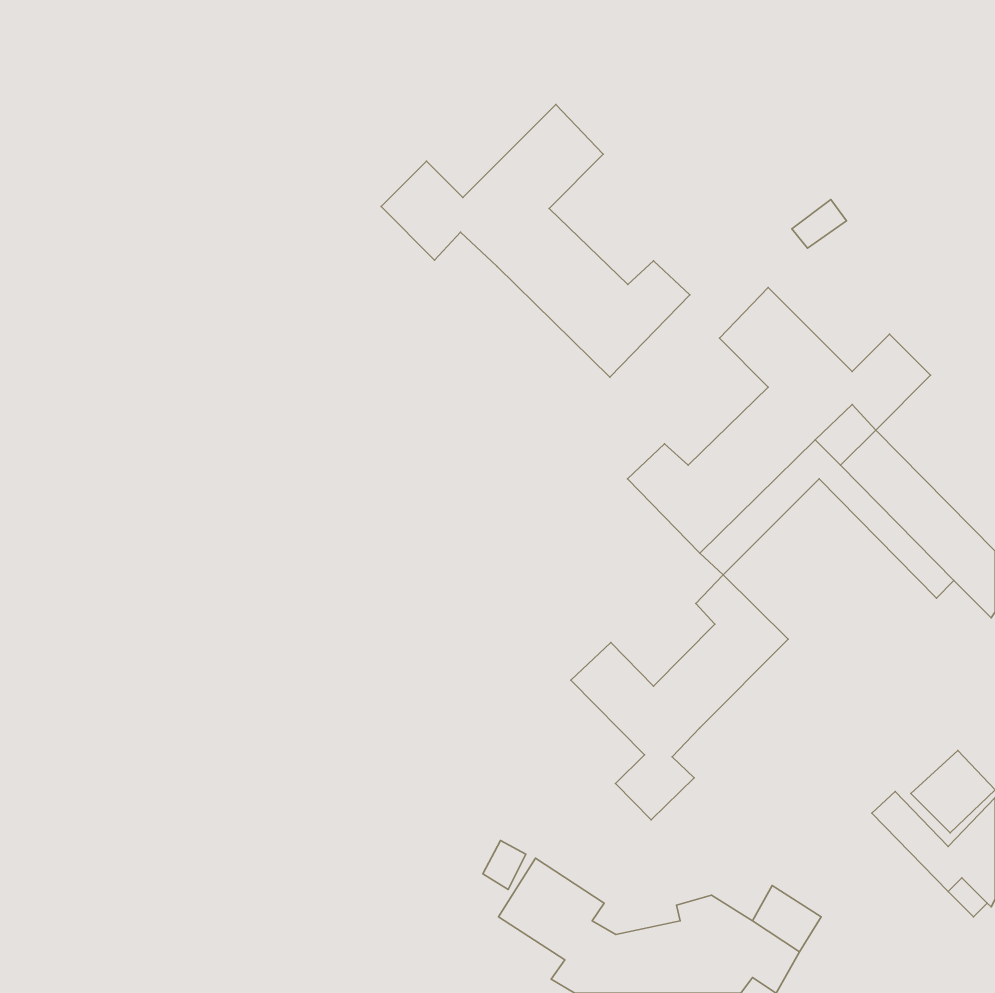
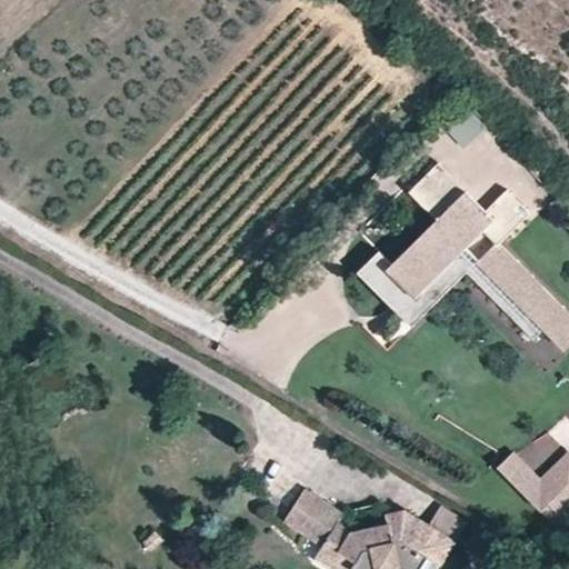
building: [381,105,690,377] -> none
building: [571,575,788,820] -> none

